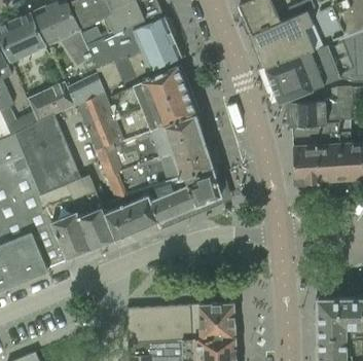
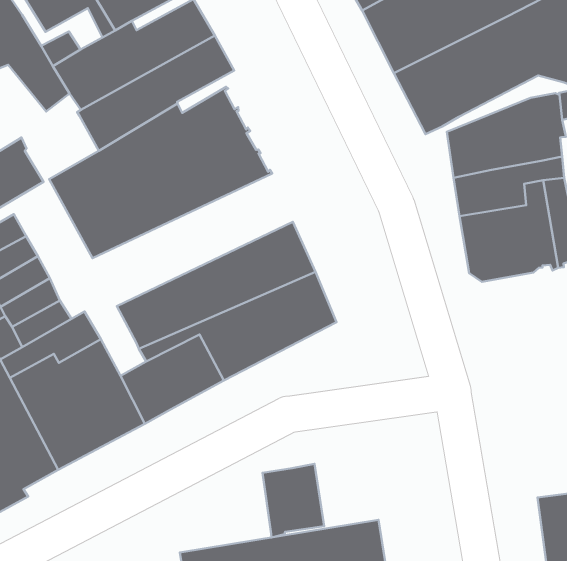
building: [66,73,105,106] -> none
building: [96,114,204,176] -> none
building: none -> [262,464,324,537]

